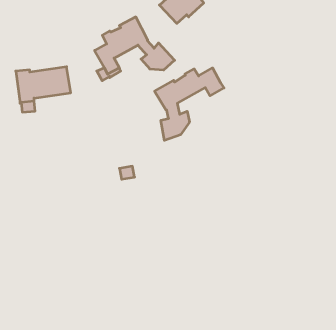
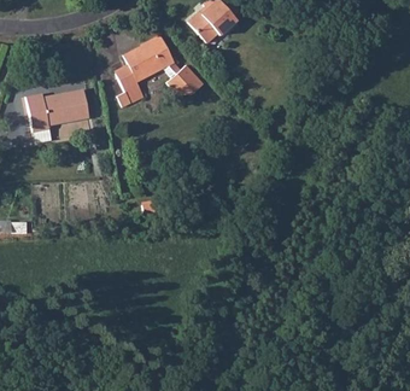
building: [155,68,224,140] -> none

